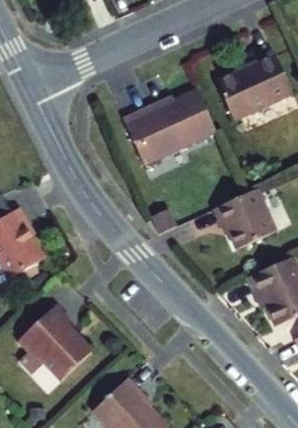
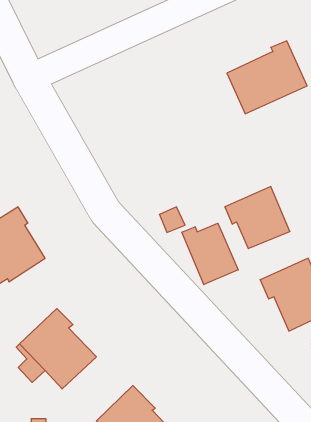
building: [123,89,216,164] -> none
building: none -> [182,223,238,285]

